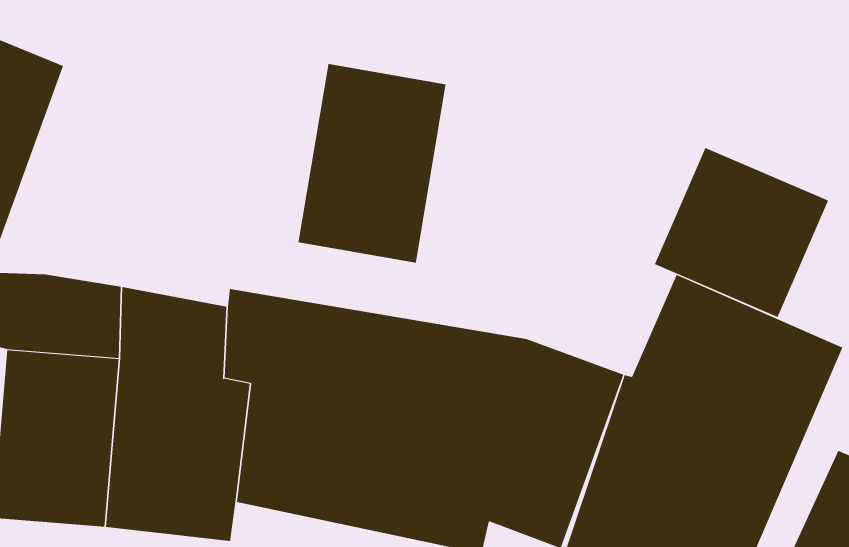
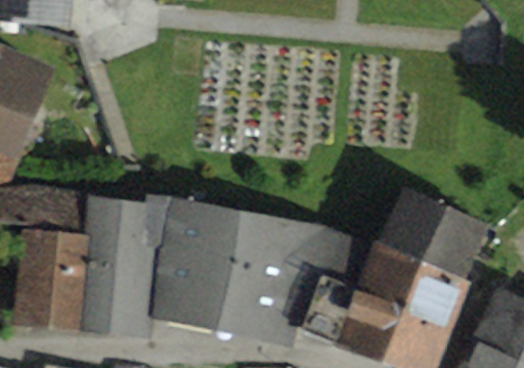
building: [298,63,446,263] -> none
building: [654,147,829,318] -> none

